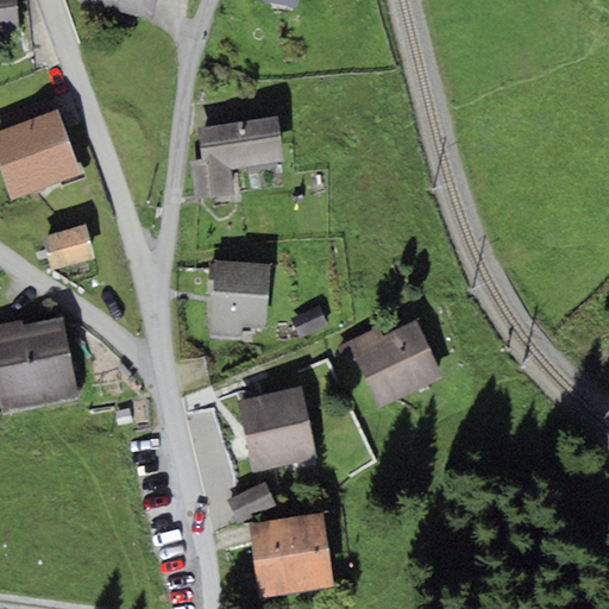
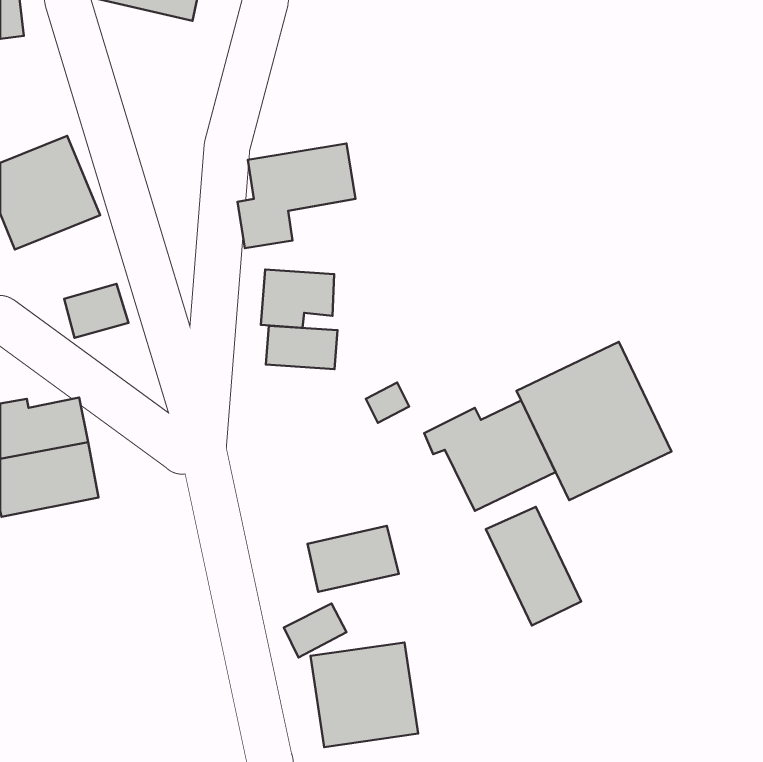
building: none -> [516,342,672,500]
building: [208,290,266,337] -> [261,270,334,328]
building: [237,385,308,433] -> none
building: none -> [486,507,581,625]

